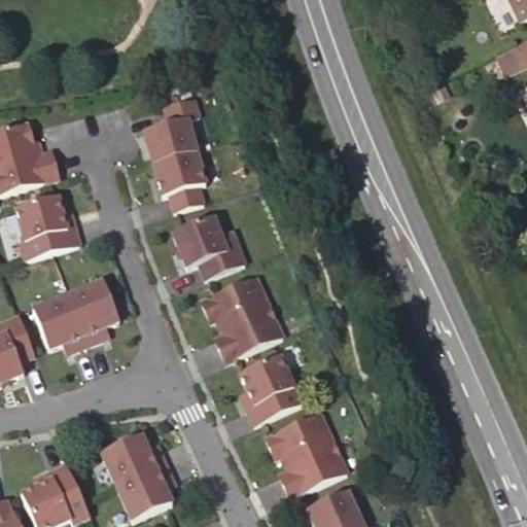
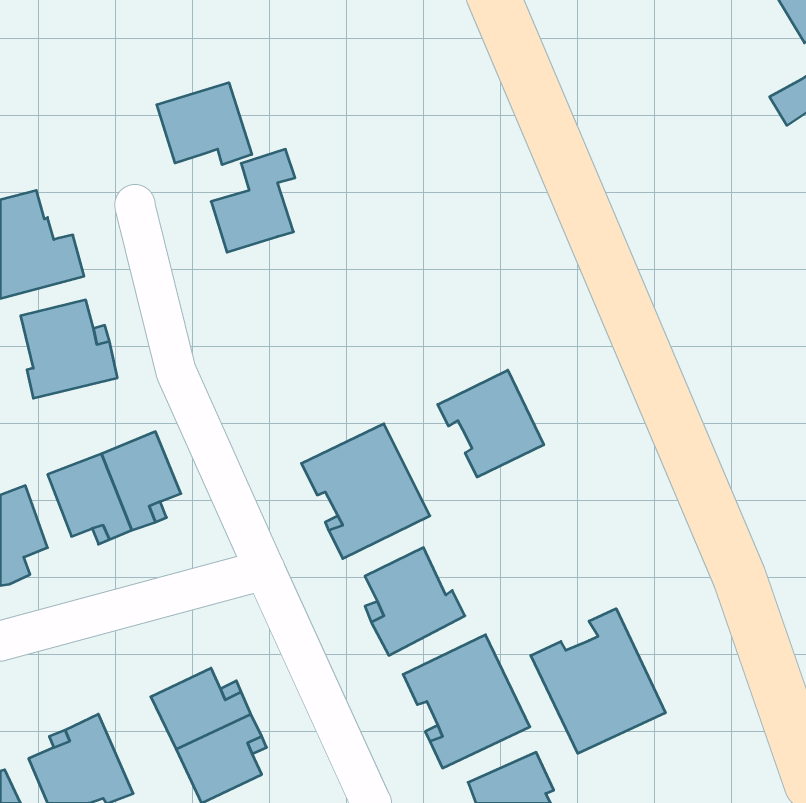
building: none -> [157,83,252,165]
building: [150,150,203,211] -> none
building: [171,215,244,279] -> none
building: none -> [438,370,544,477]
building: none -> [531,609,665,753]

